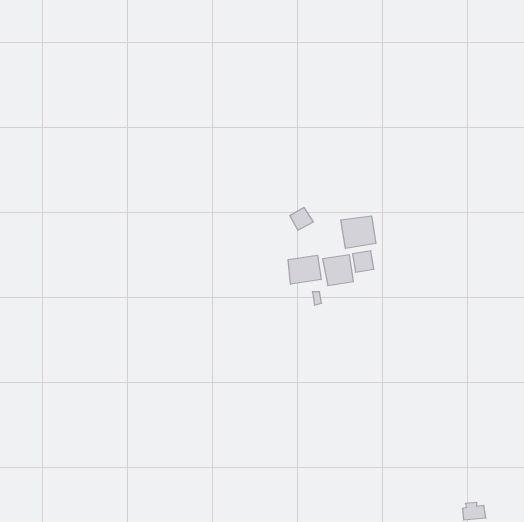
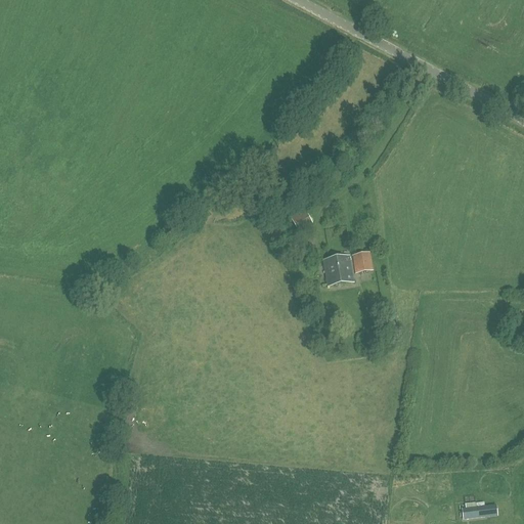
building: [341,216,376,248] -> none
building: [288,255,321,284] -> none

